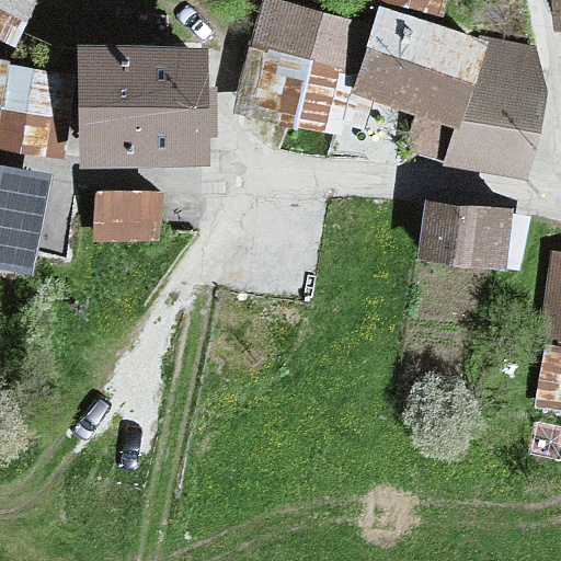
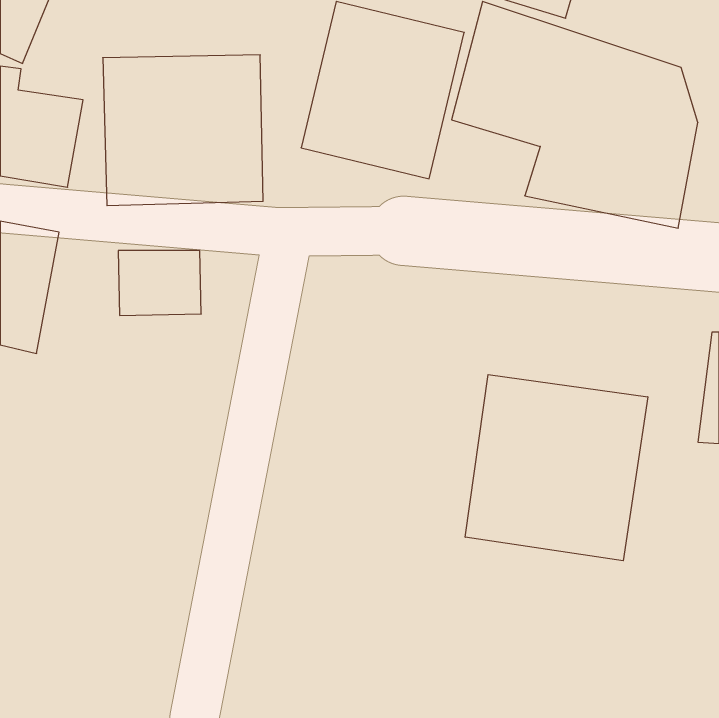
building: [414,199,507,266] -> none
building: none -> [465,375,648,561]

